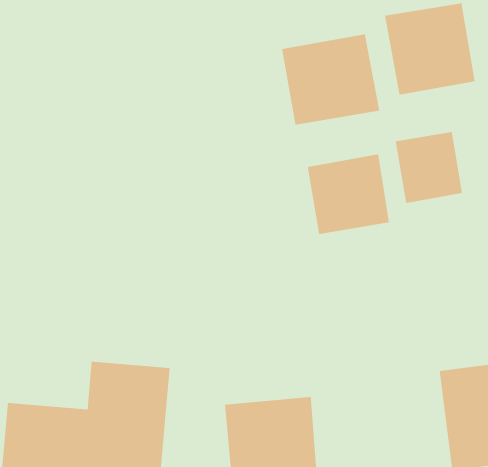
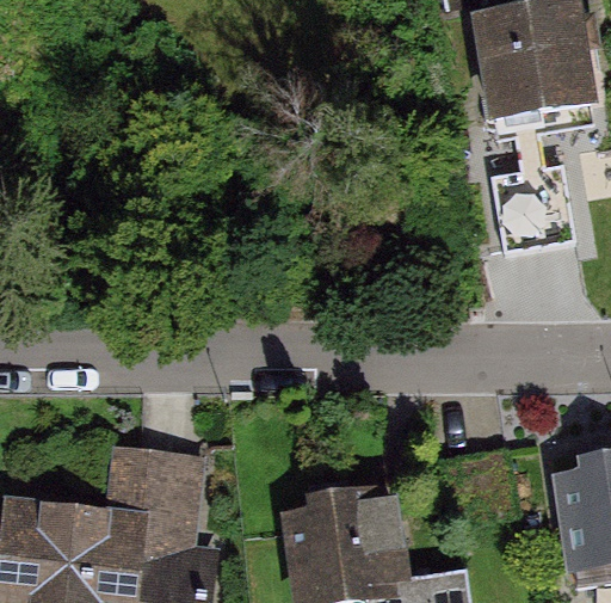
building: [282,33,380,126] -> none
building: [307,154,390,235] -> none

